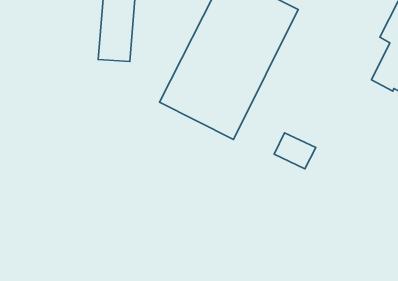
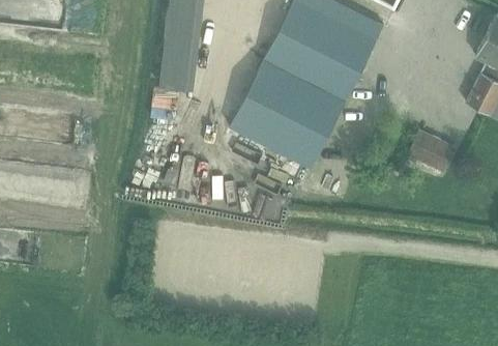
building: [274,133,316,169] -> [408,133,455,173]

